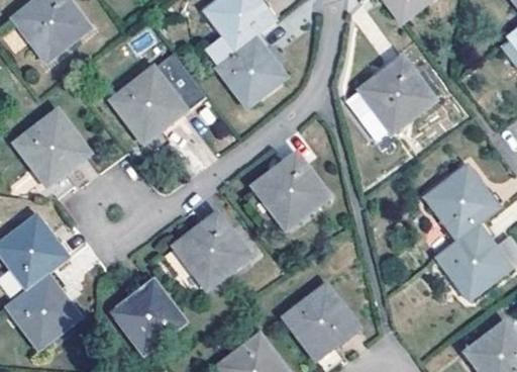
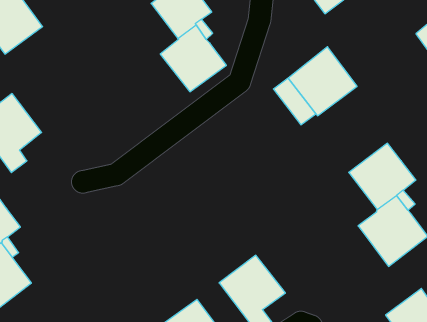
building: [116,51,208,151] -> none
building: [250,153,326,230] -> none
building: [175,213,247,289] -> none
building: [111,279,185,353] -> none

